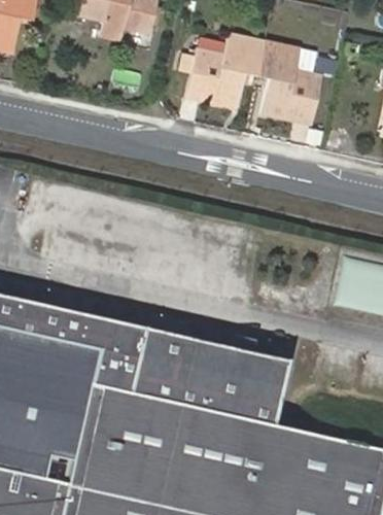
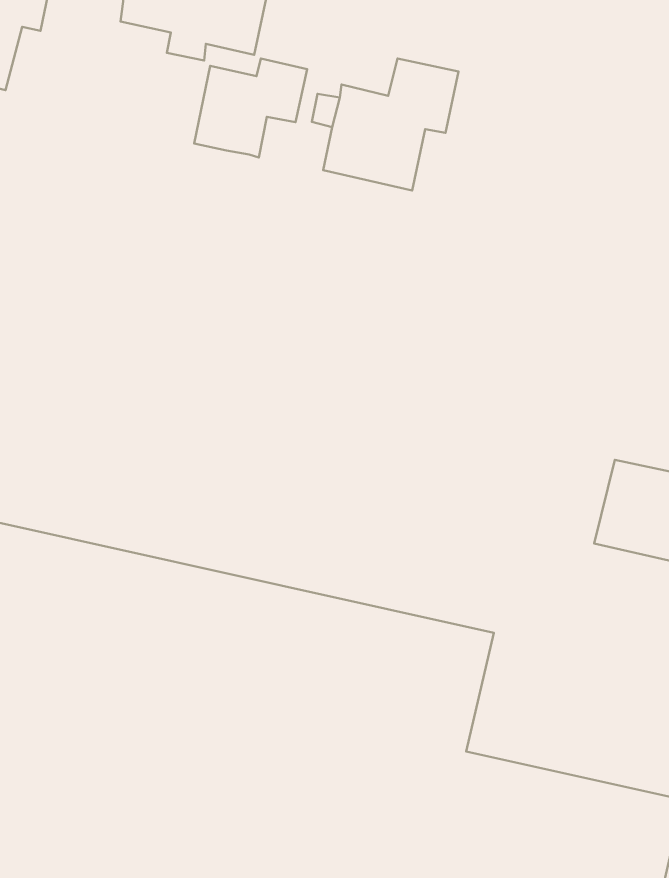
building: none -> [194,59,307,157]
building: [254,44,320,127] -> none

